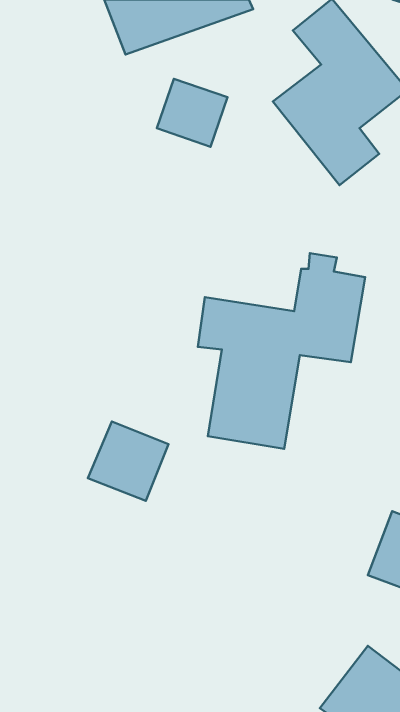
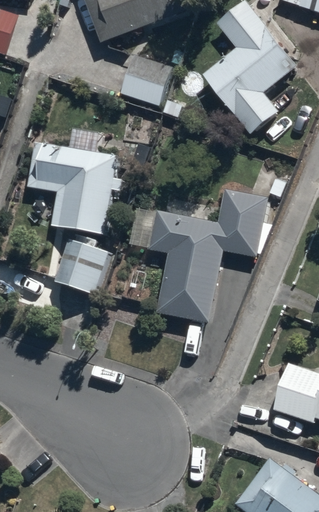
building: none -> [27,131,123,234]
building: [88,422,169,501] -> [52,238,109,294]

